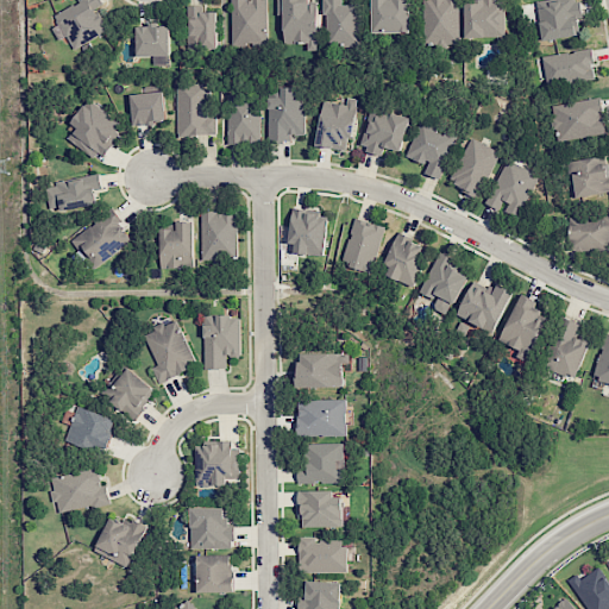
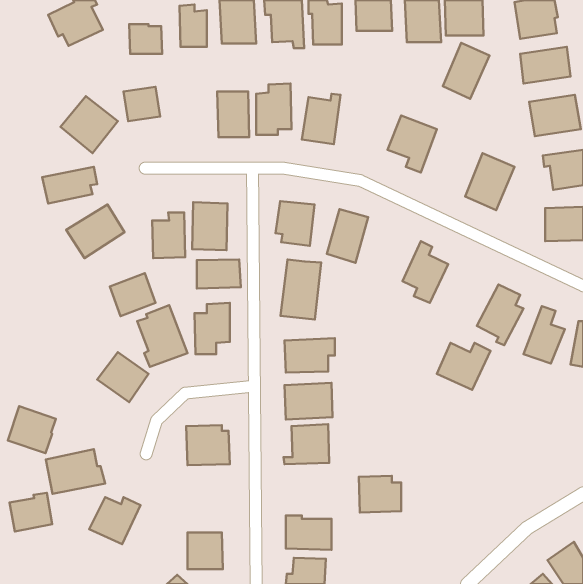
building: [175,83,215,134] -> none
building: [359,108,407,153] -> none
building: [447,138,496,196] -> [443,43,490,99]
building: [383,233,428,287] -> none
building: none -> [197,259,241,288]
building: none -> [280,260,321,319]
building: [456,283,511,332] -> [437,343,491,390]
building: none -> [110,273,156,316]
building: [64,406,114,454] -> [8,406,56,453]
building: [297,490,341,528] -> [359,476,401,512]
building: [189,508,233,547] -> none
building: none -> [10,493,52,532]

